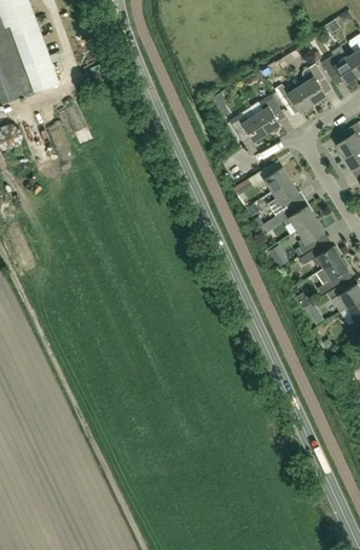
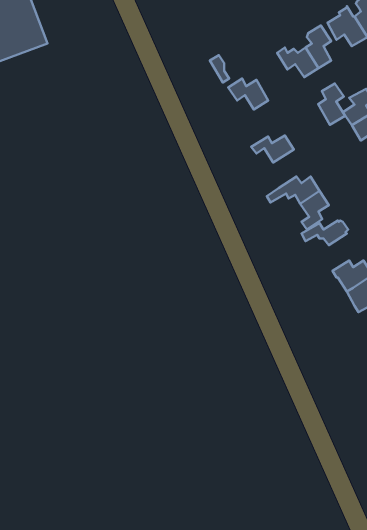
building: [255,96,280,135] -> [318,84,345,125]
building: [267,181,298,217] -> none
building: [315,259,347,296] -> none

